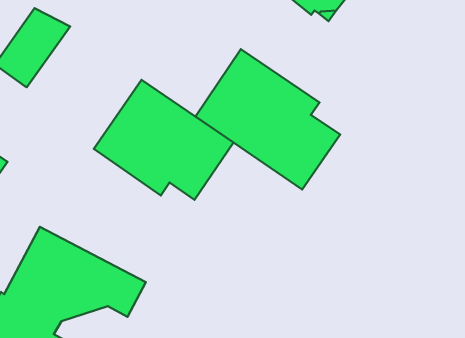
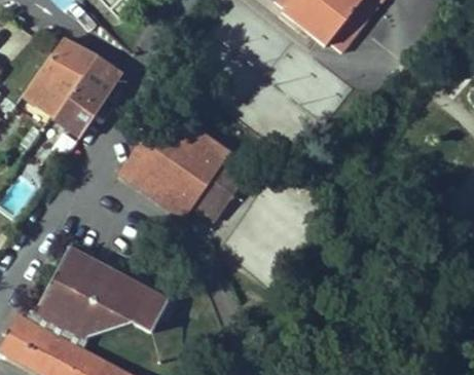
building: none -> [52,57,120,137]
building: [195,49,340,190] -> none

